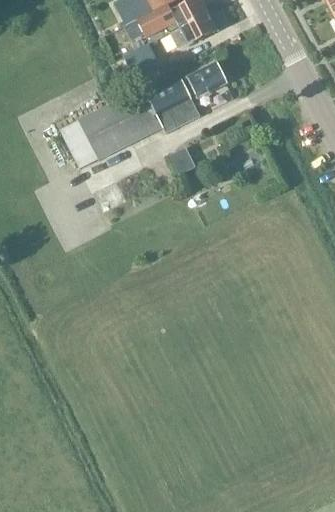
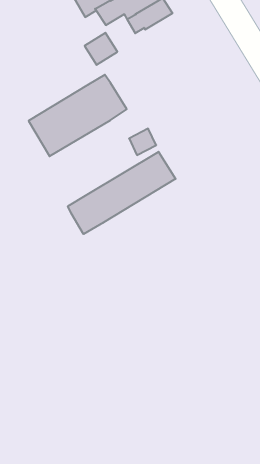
building: [148,61,227,131] -> none
building: none -> [68,152,176,234]

